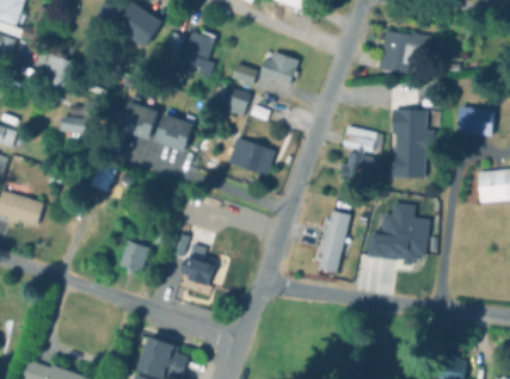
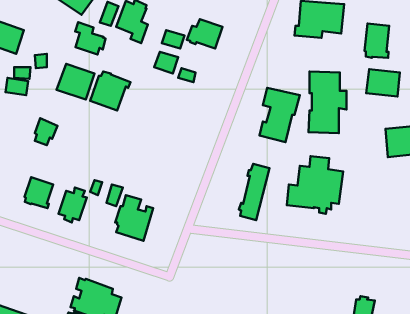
building: none -> [75,22,106,55]
building: none -> [365,24,389,58]
building: [229,137,268,172] -> none
building: none -> [24,177,53,208]

